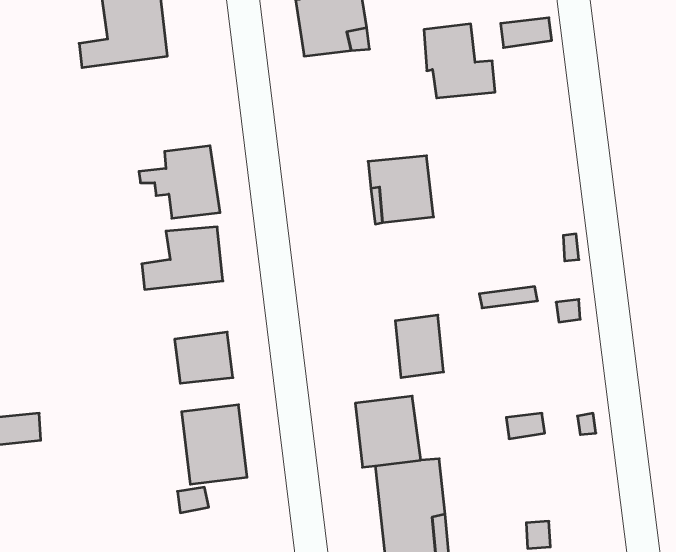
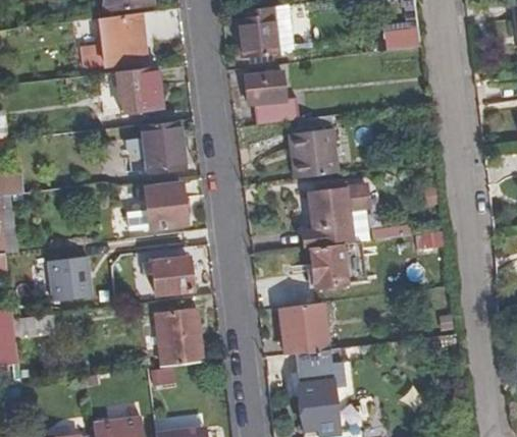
building: [424,24,495,98] -> [247,71,298,124]
building: none -> [100,65,160,112]
building: none -> [300,183,364,249]
building: none -> [48,256,93,301]

